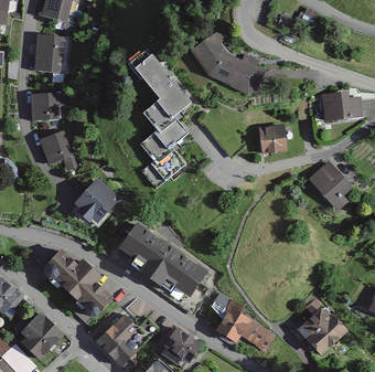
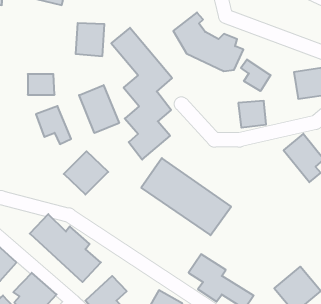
building: [38,38,68,73] -> [76,23,104,56]
building: none -> [241,59,271,91]
building: none -> [79,85,119,133]
building: [110,220,206,302] -> [141,158,231,235]

